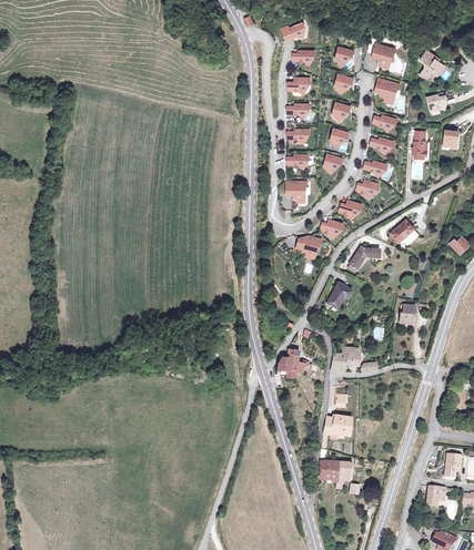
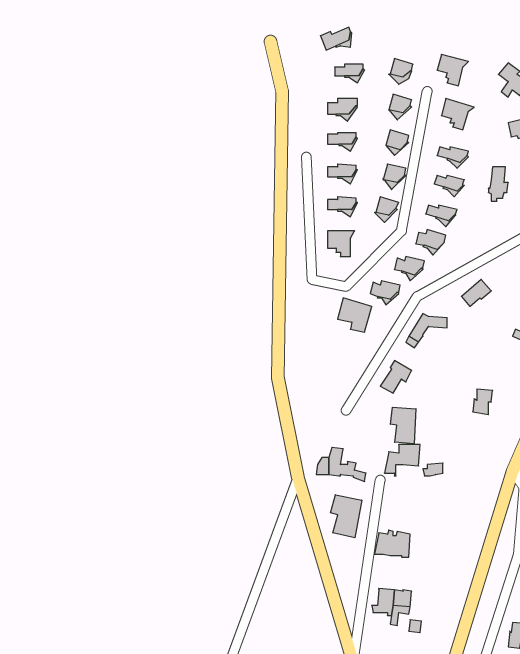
building: none -> [390,407,416,444]
building: none -> [331,495,362,538]

